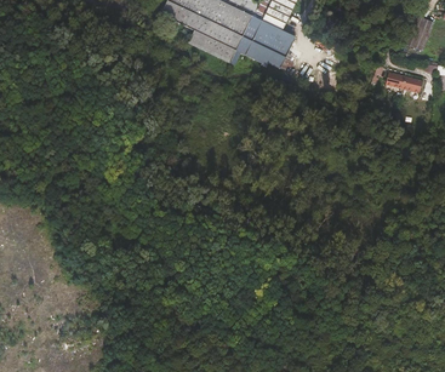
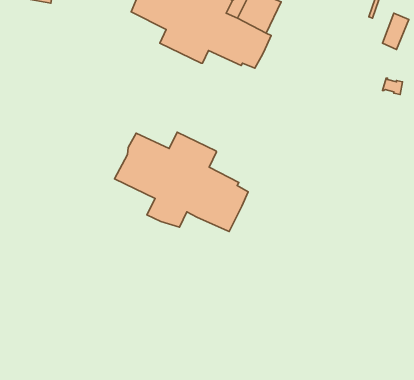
building: none -> [114,132,248,232]

